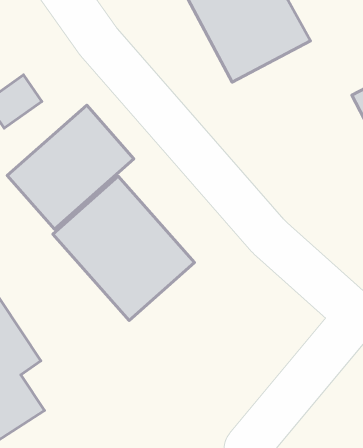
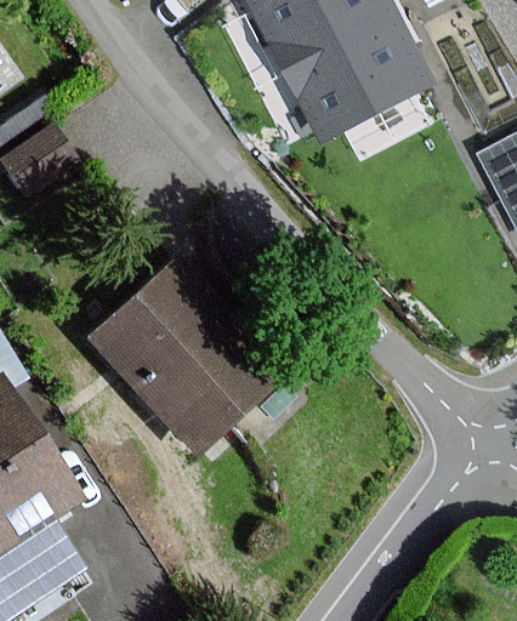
building: [7,105,134,229] -> none

